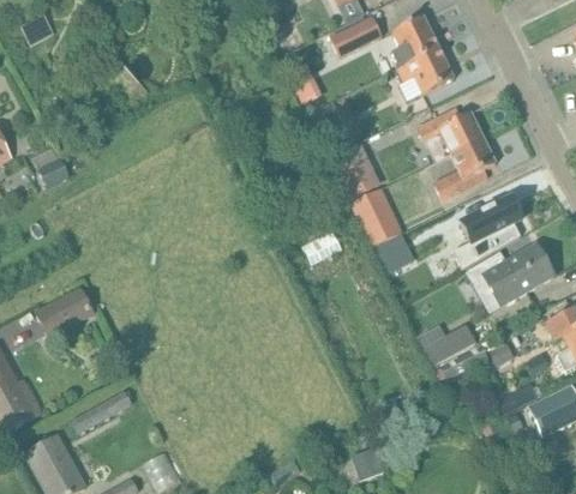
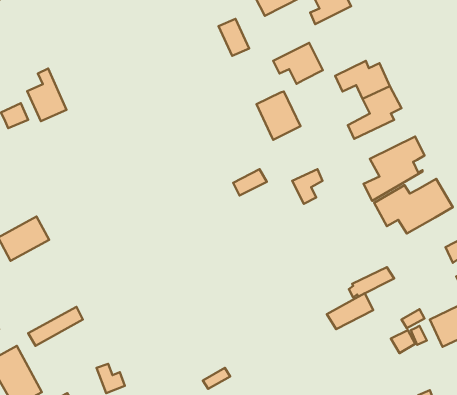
building: [397,47,454,94] -> [273,43,323,84]
building: none -> [27,68,66,121]
building: [349,187,403,247] -> none
building: [422,323,475,363] -> [327,293,373,329]
building: [350,446,385,480] -> none

